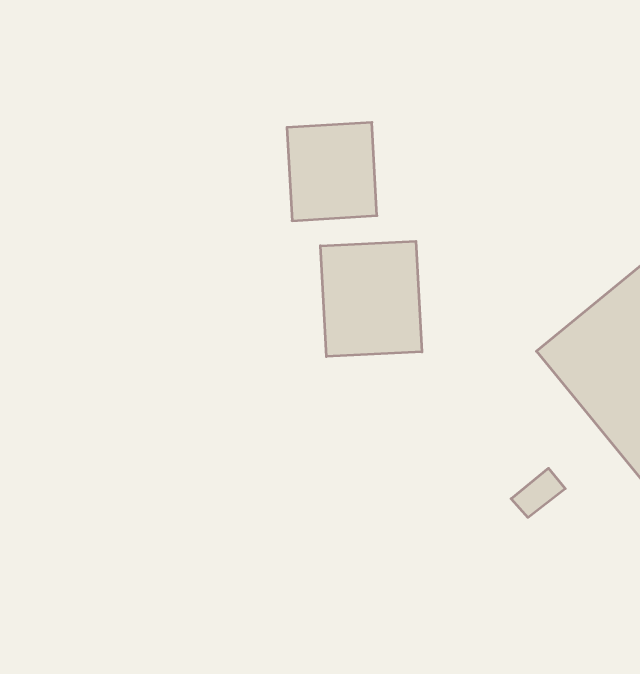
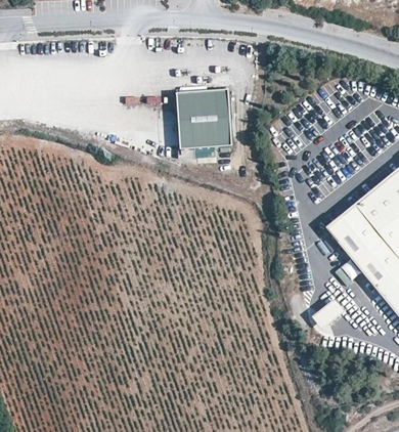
building: [320,241,422,357] -> none

